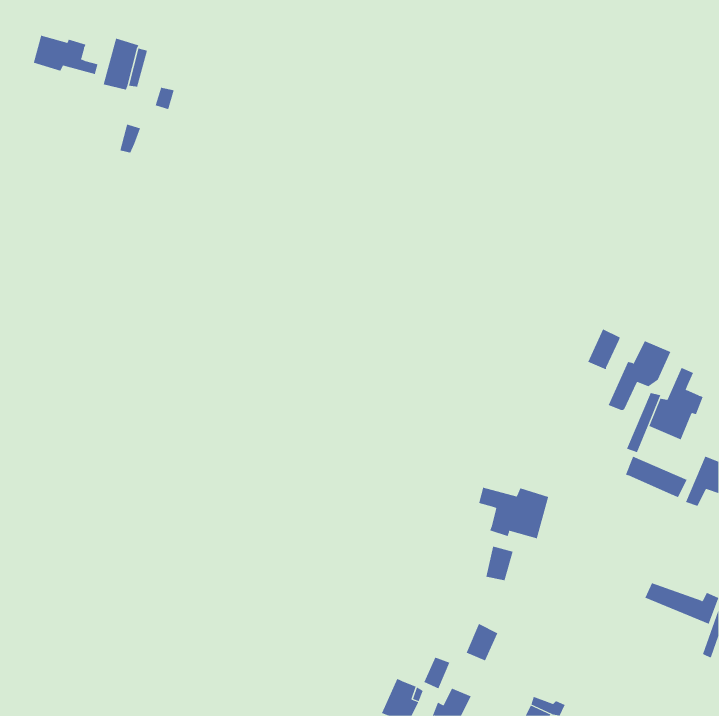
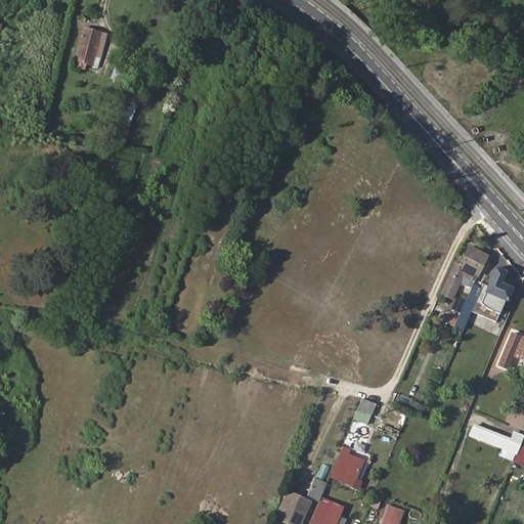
building: [33,35,98,75] -> none
building: [588,328,621,370] -> none
building: [625,456,687,498] -> none
building: [479,487,549,539] -> none

